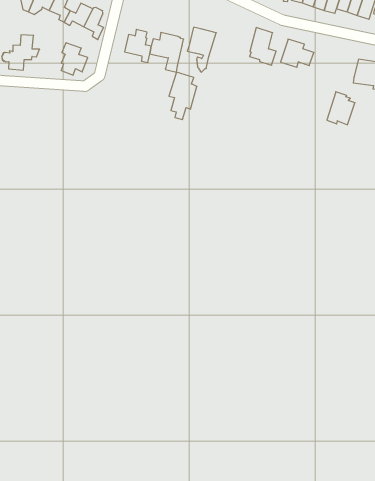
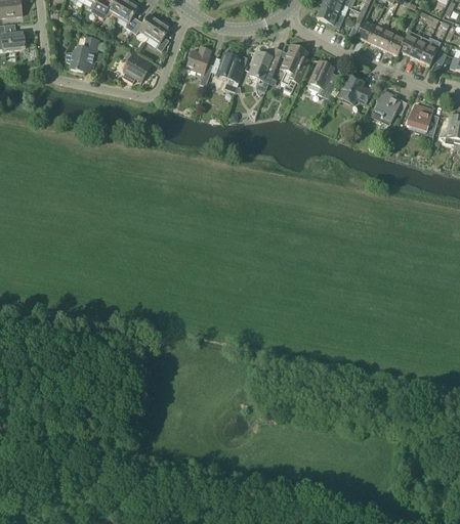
building: [169,72,197,120] -> [281,45,309,92]
building: [327,92,355,125] -> [371,89,401,123]

